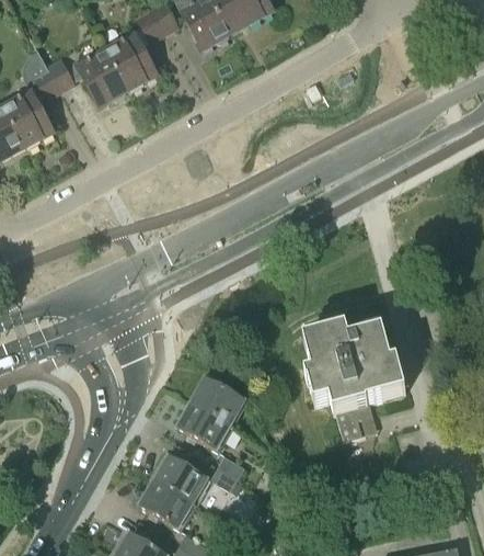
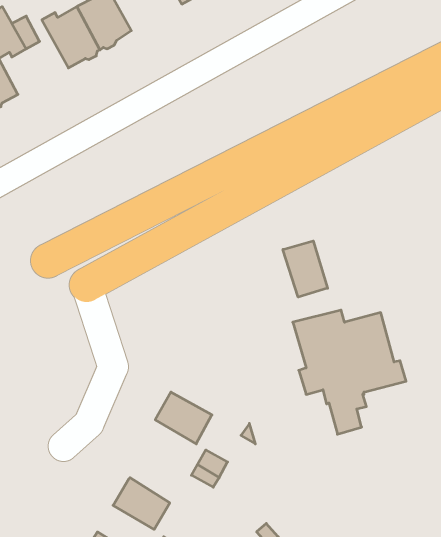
building: none -> [283,241,328,297]
building: [193,376,244,422] -> none
building: [150,452,207,502] -> none

